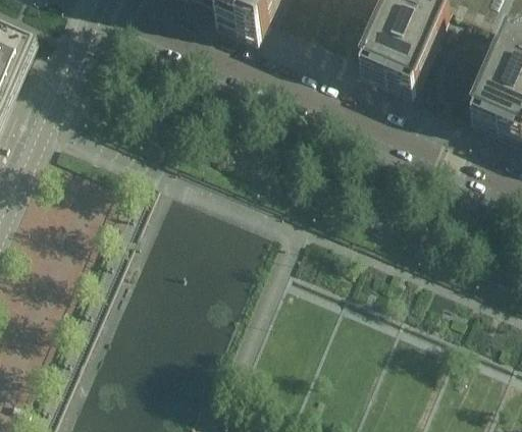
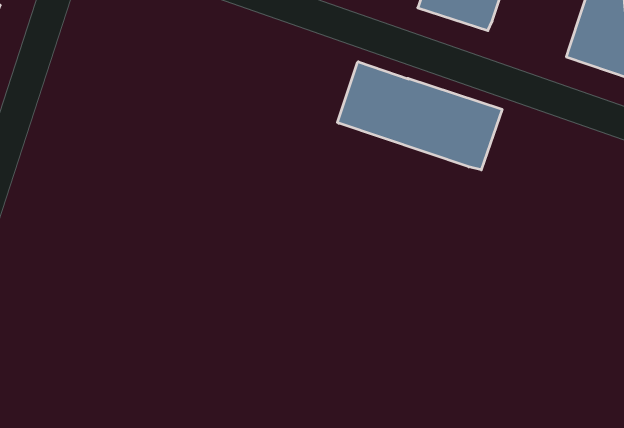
building: none -> [337,62,502,170]

